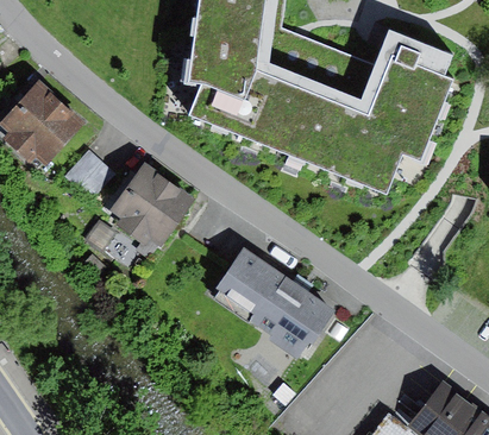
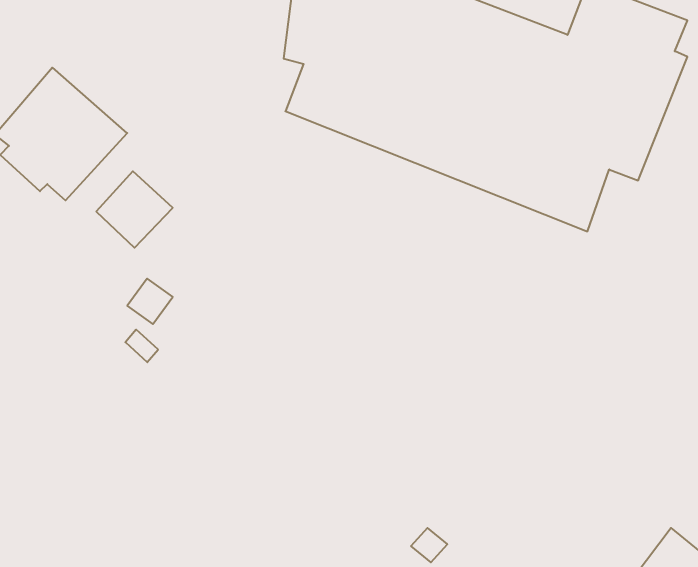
building: [109,163,199,250] -> none
building: [215,248,334,359] -> none

